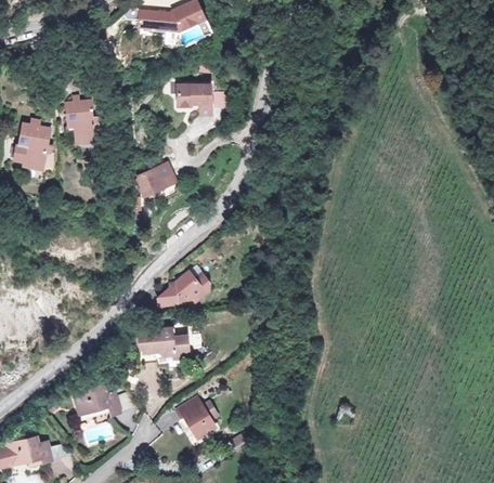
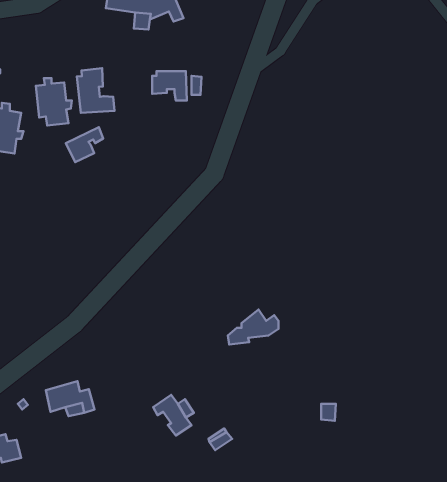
building: none -> [77,68,115,113]
building: [135,164,171,197] -> [66,127,103,162]
building: [159,272,208,305] -> [228,310,279,345]
building: [142,328,188,357] -> none

